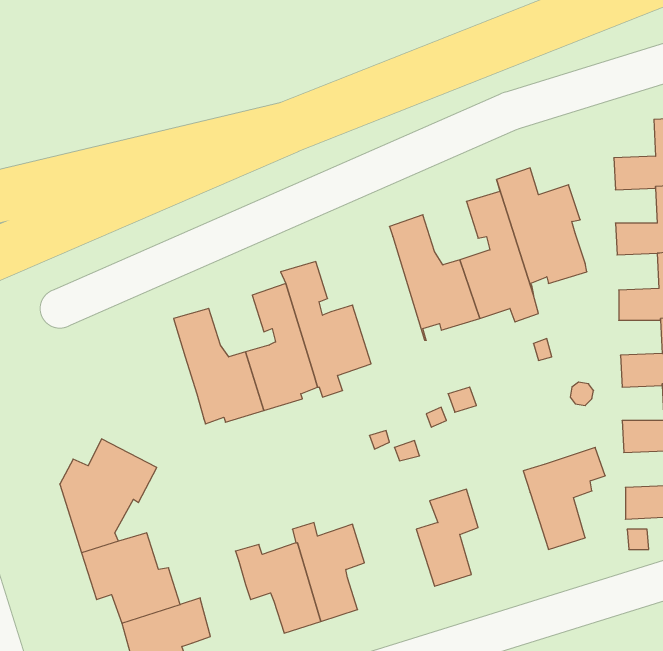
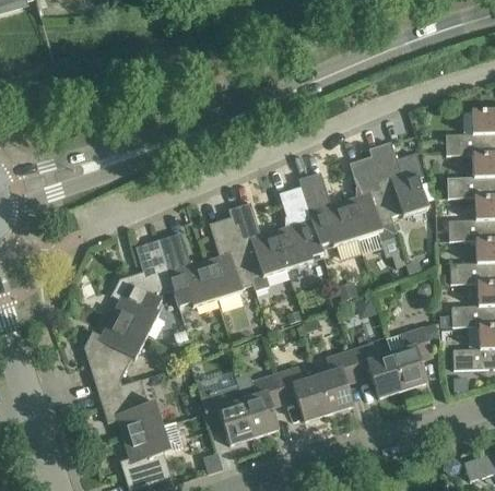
building: none -> [274,187,321,270]
building: none -> [110,240,173,337]
building: none -> [349,344,402,398]
building: none -> [274,367,328,422]

